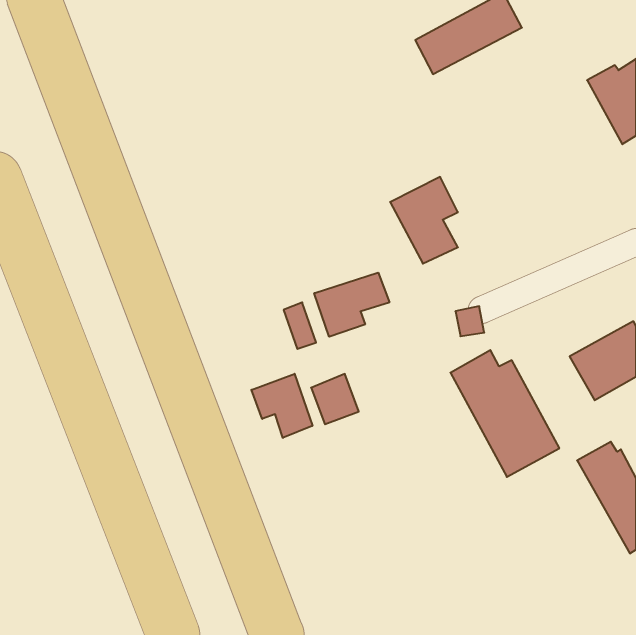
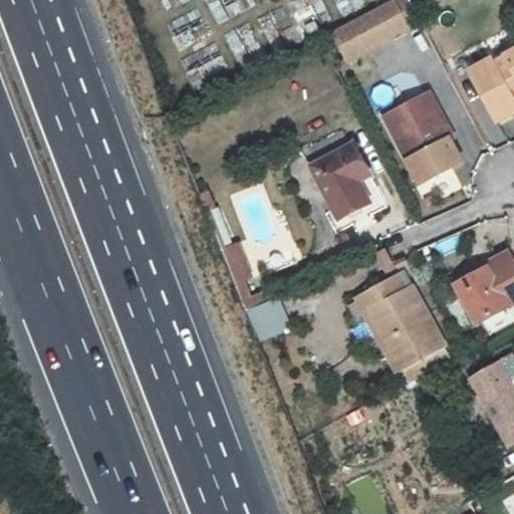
building: none -> [383,91,460,181]
building: [314,273,389,337] -> none
building: [251,374,312,438] -> none

